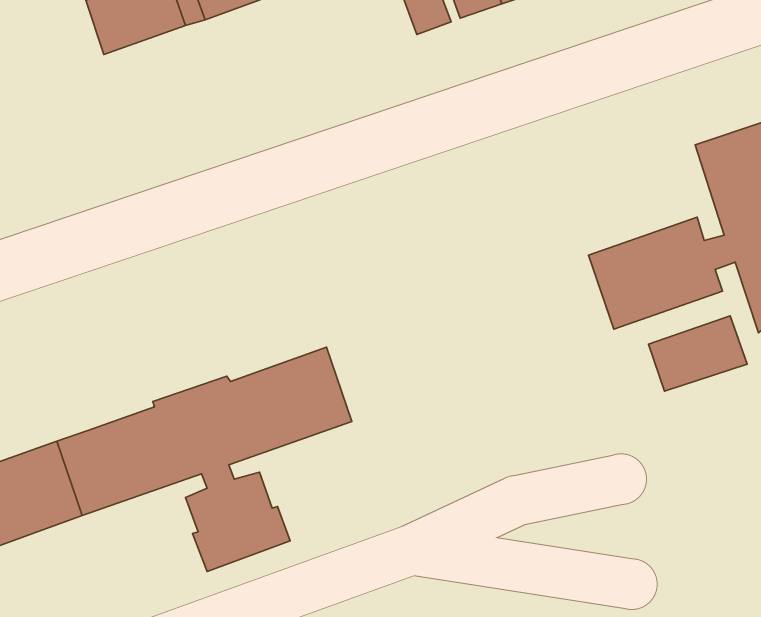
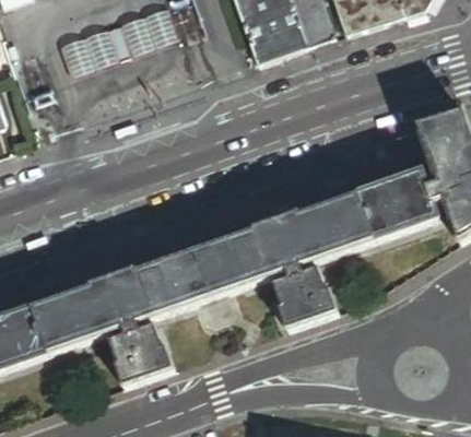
building: none -> [202,196,376,330]
building: [649,316,747,391] -> none

